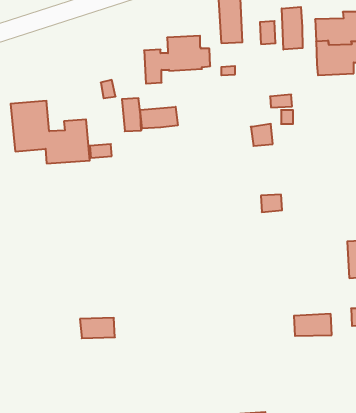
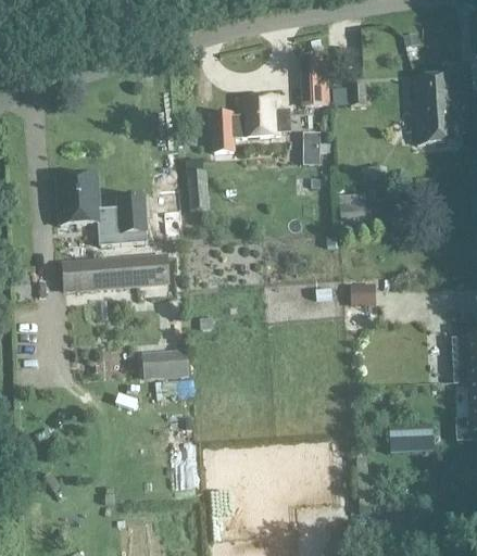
building: [282,7,303,50] -> none
building: [140,107,178,129] -> none
building: none -> [59,254,168,291]
building: [80,318,115,338] -> [147,352,188,376]

